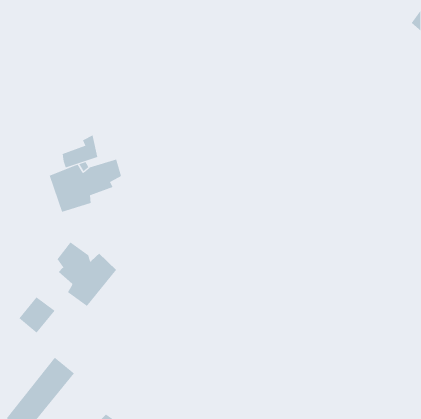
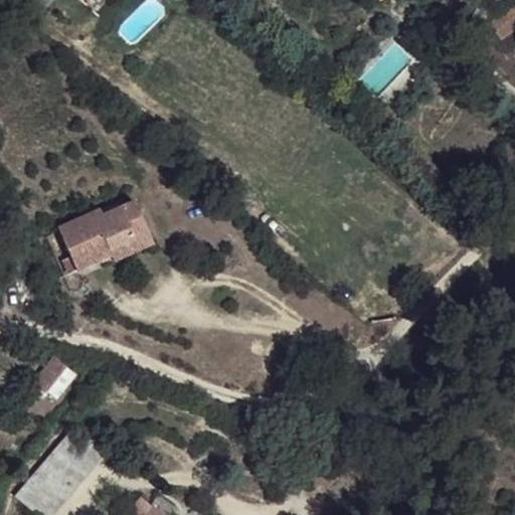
building: [62,134,98,168] -> [109,223,152,264]
building: [57,241,117,307] -> none

